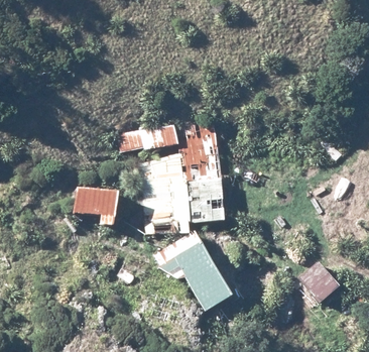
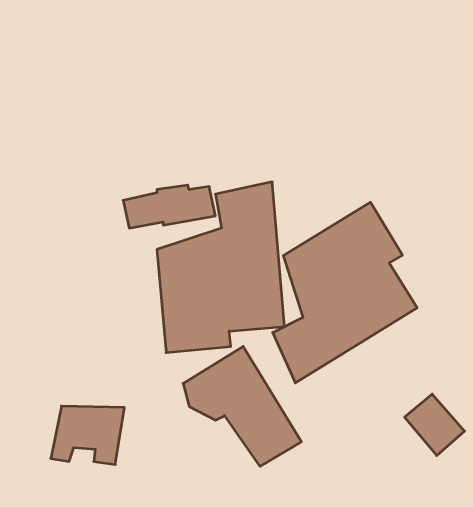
building: none -> [273,202,417,383]
building: [72,188,120,226] -> [51,406,124,465]

